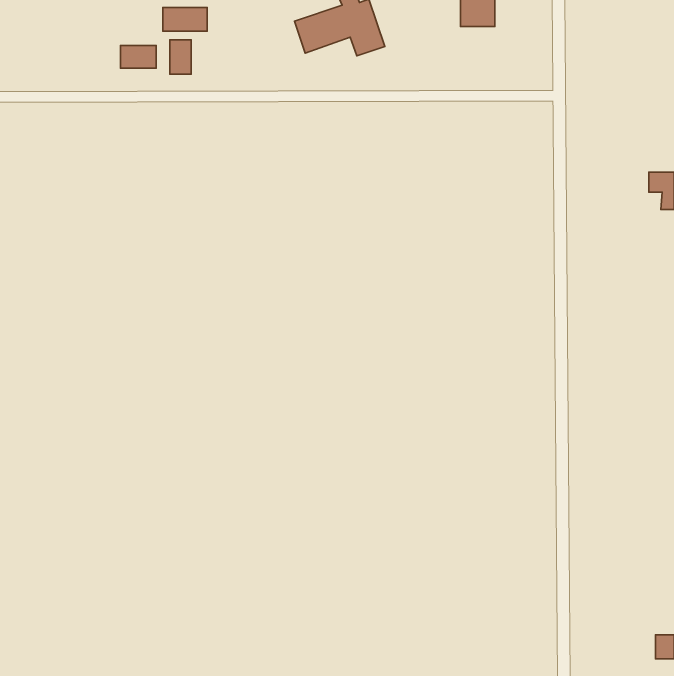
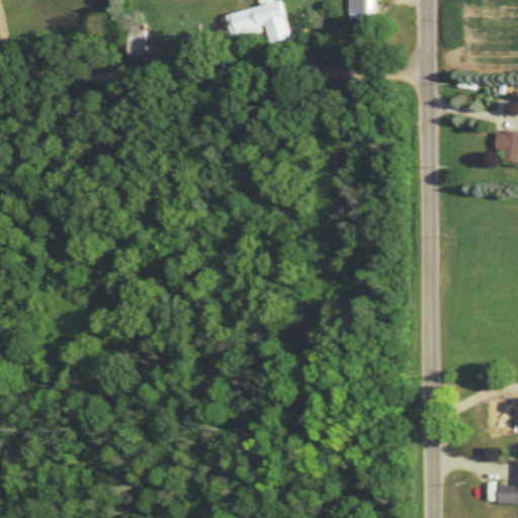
building: [163,8,207,31] -> none
building: [120,45,156,68] -> none

